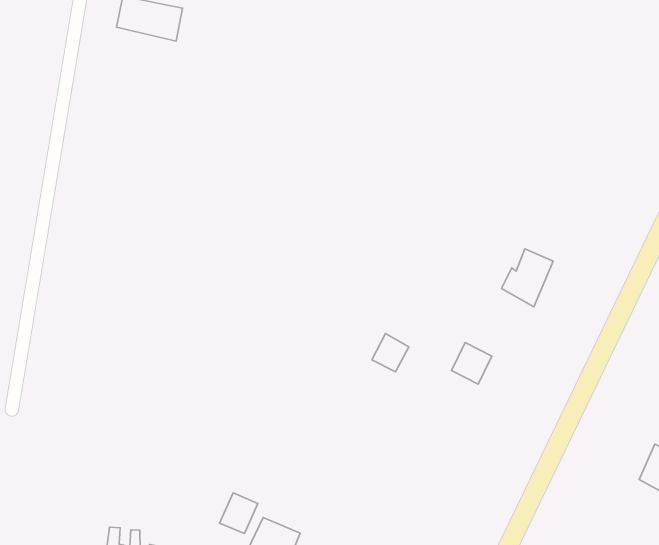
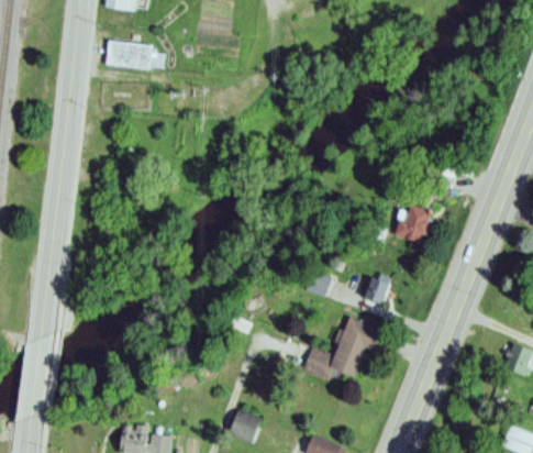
building: none -> [304,318,379,377]
building: [220,493,258,534] -> none

